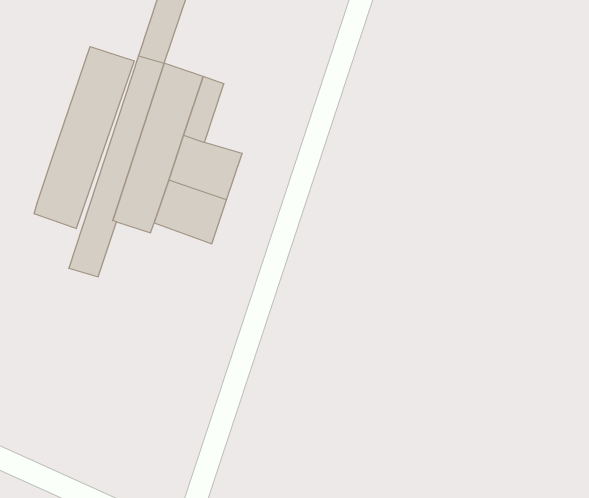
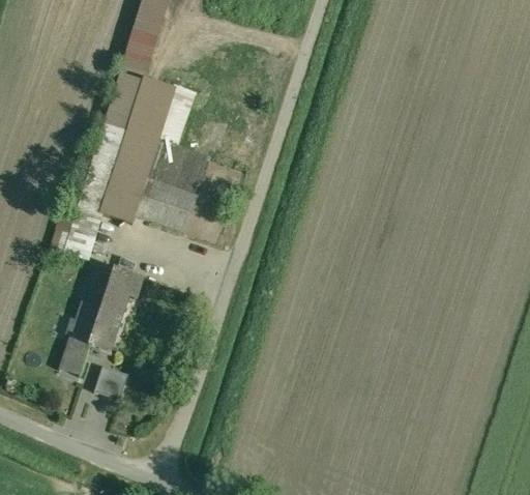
building: [34,47,134,229] -> none
building: none -> [59,266,136,374]
building: none -> [94,365,127,398]

